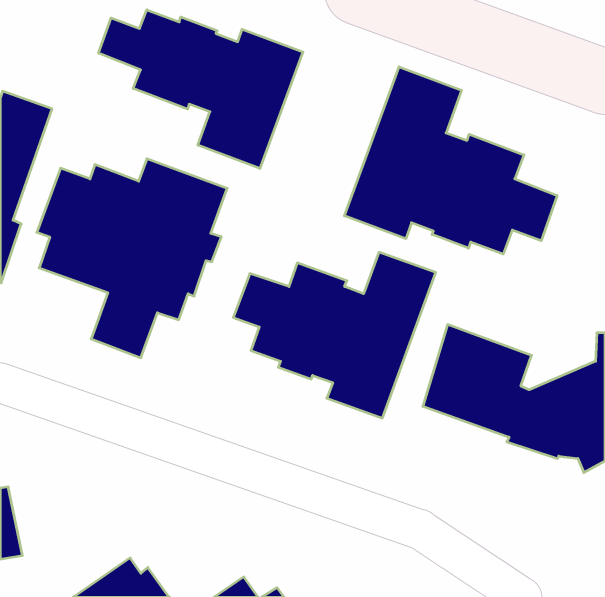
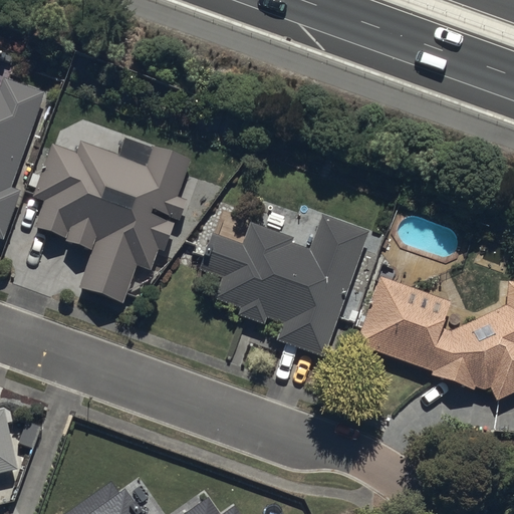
building: [99,10,303,169] -> none
building: [344,67,557,254] -> none

